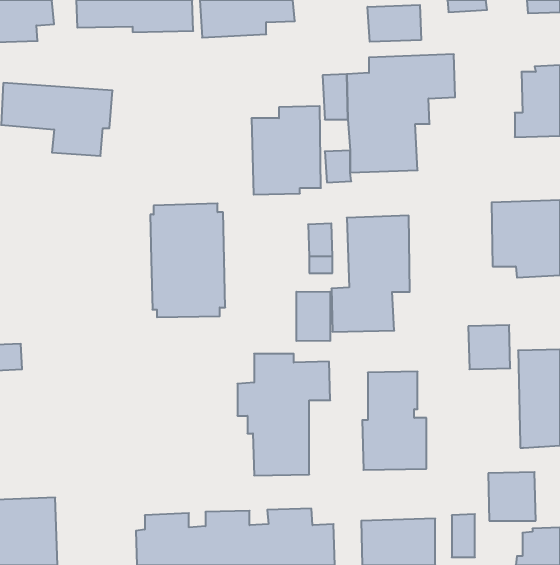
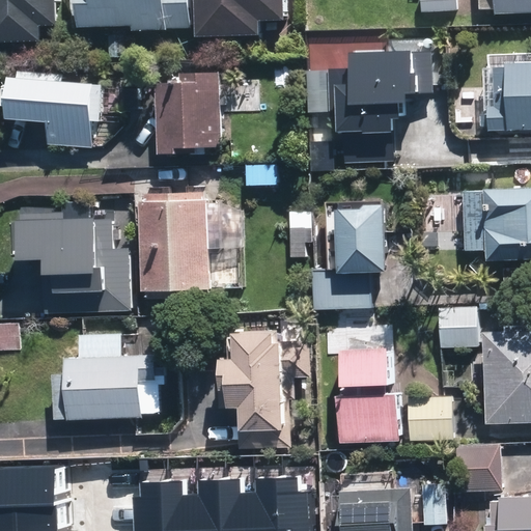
building: [368,5,421,42] -> none
building: [251,106,321,195] -> [157,71,222,153]
building: none -> [7,201,128,316]
building: [296,292,330,341] -> none
building: none -> [55,355,157,419]
building: none -> [409,394,454,435]

